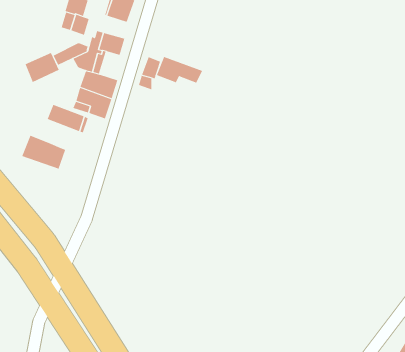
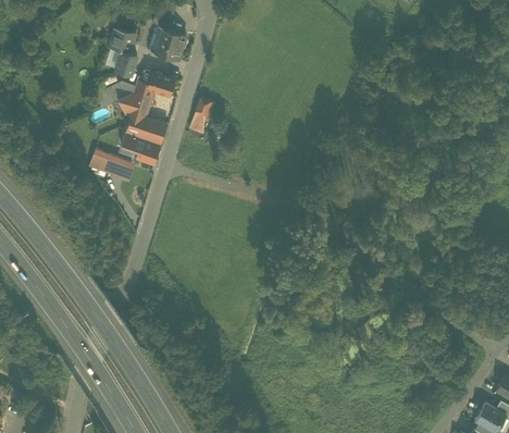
building: [25,52,60,83] -> none
building: [156,56,203,84] -> none
building: [22,135,66,169] -> none

